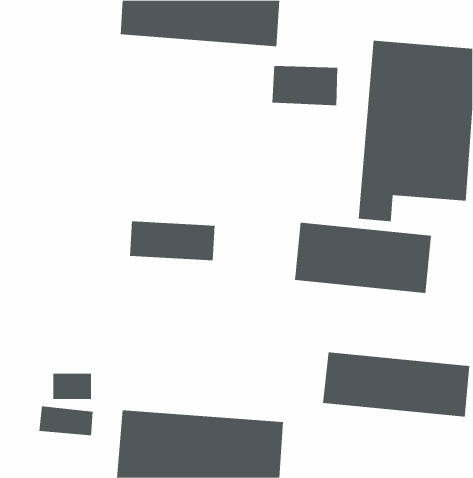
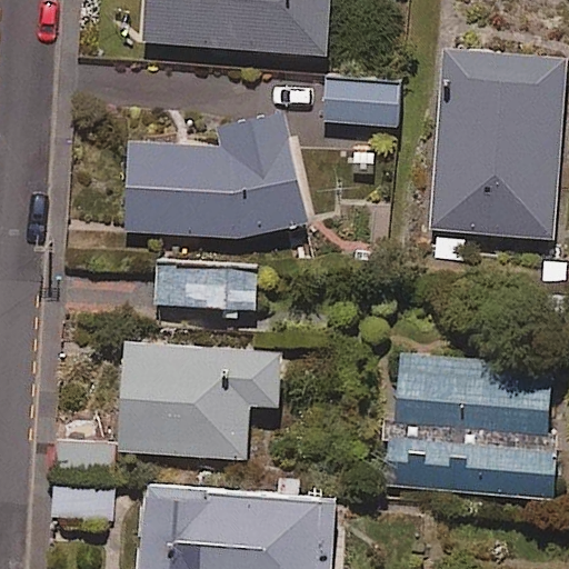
building: none -> [130,119,305,233]
building: [294,222,432,293] -> [389,349,552,433]
building: none -> [120,342,284,459]

